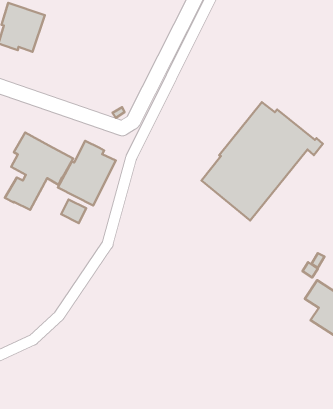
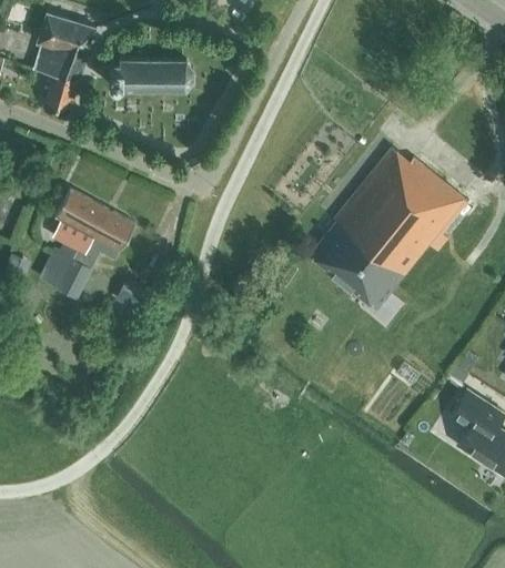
building: none -> [110,60,193,91]
building: none -> [43,73,80,113]
building: [58,141,116,205] -> none

